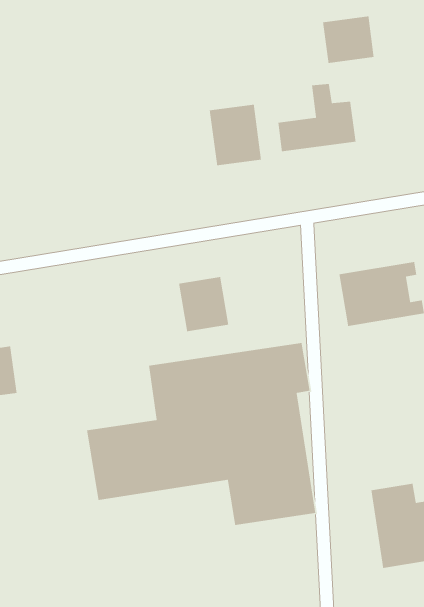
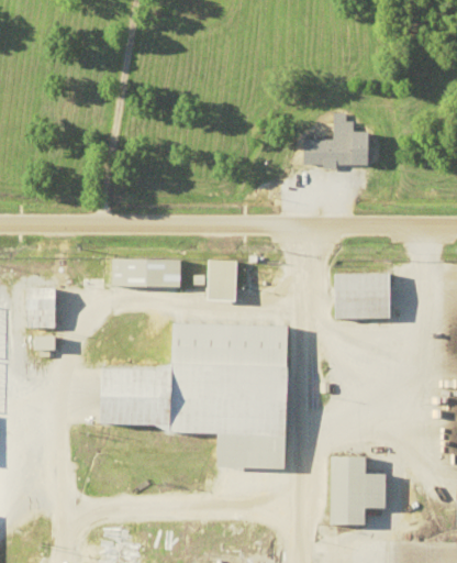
building: [322,16,375,64] -> none
building: [209,104,262,166] -> none
building: none -> [104,260,178,286]

